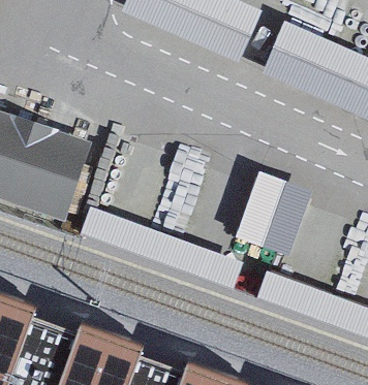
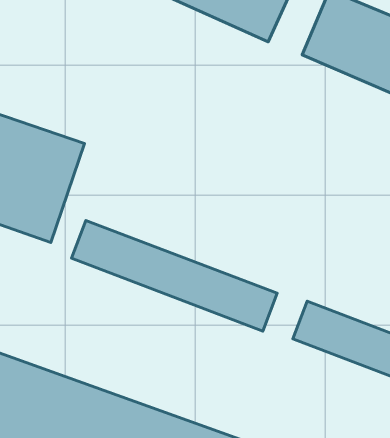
building: [234,170,311,255] -> none

